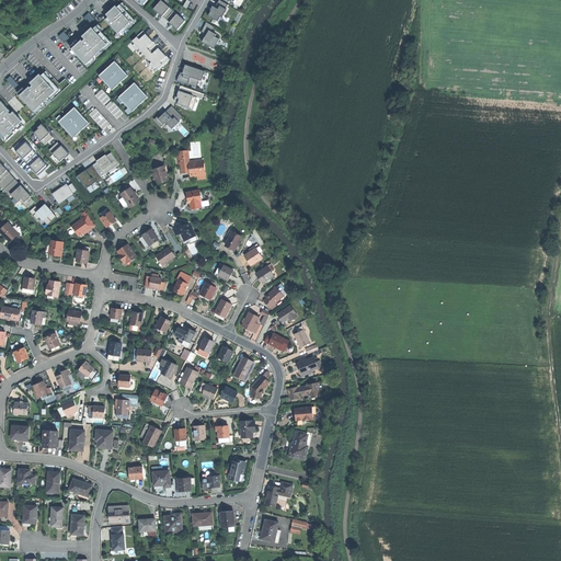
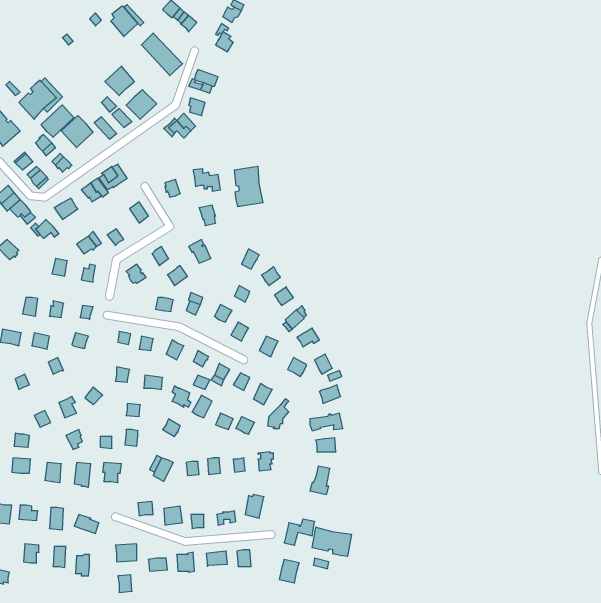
building: [69,27,104,64] -> none
building: none -> [41,105,74,137]
building: none -> [234,166,263,207]
building: none -> [312,527,352,556]

